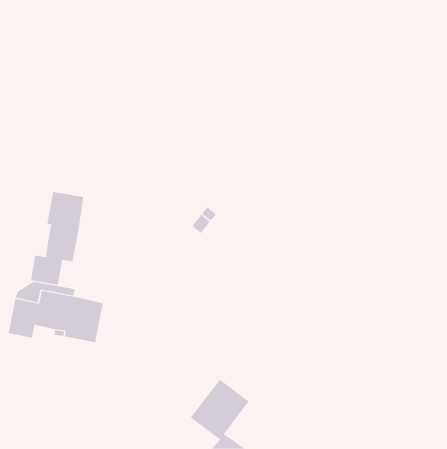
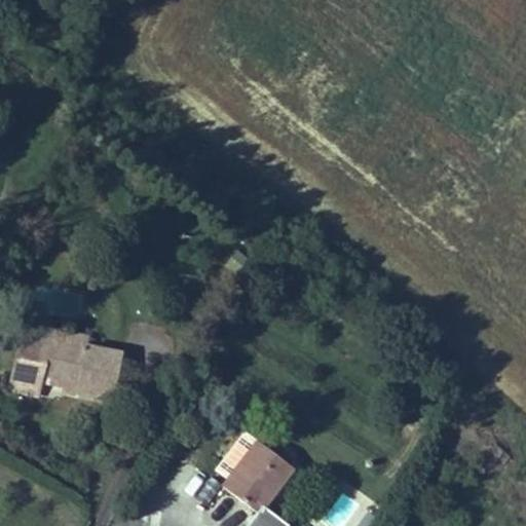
building: [31,191,84,285] -> none

